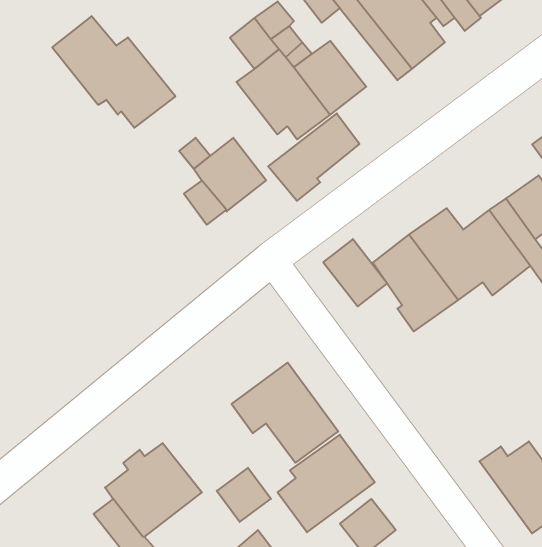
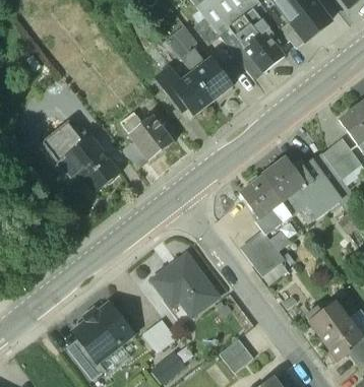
building: [52,16,175,128] -> [43,123,119,192]
building: [268,113,359,201] -> none
building: [323,239,387,306] -> [241,235,281,276]
building: [278,435,375,532] -> none

